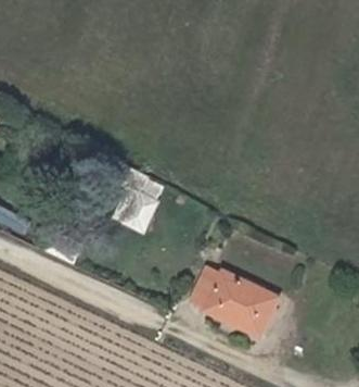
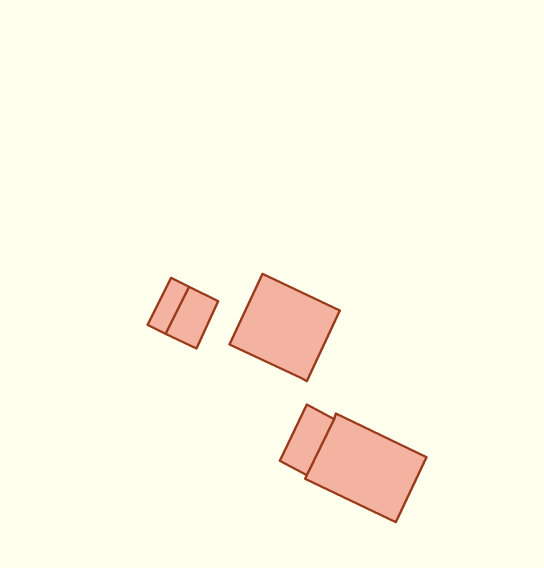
building: none -> [229,274,340,381]

